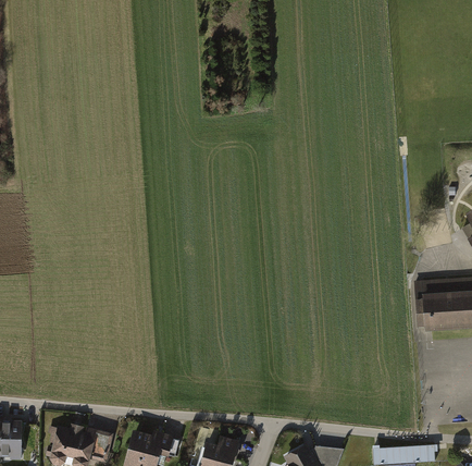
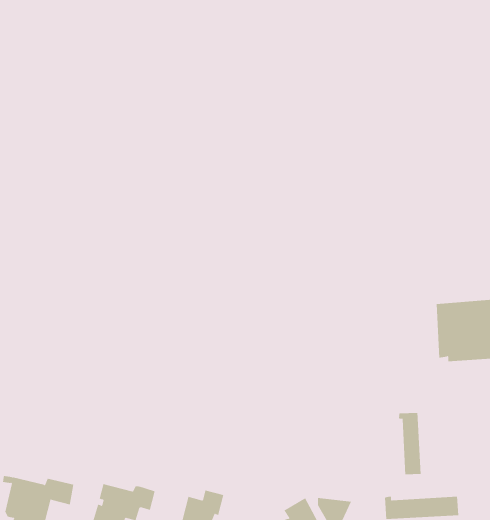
building: none -> [399,412,421,475]

